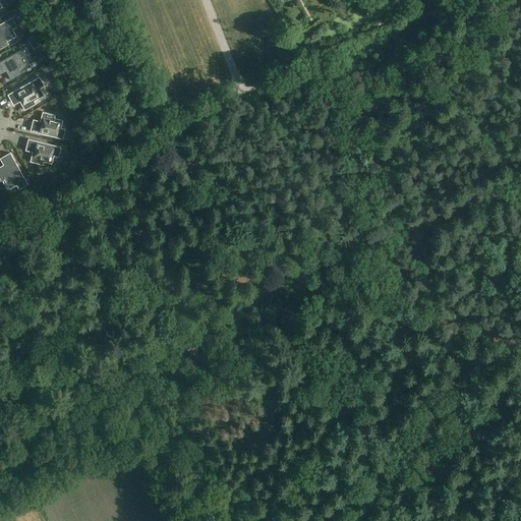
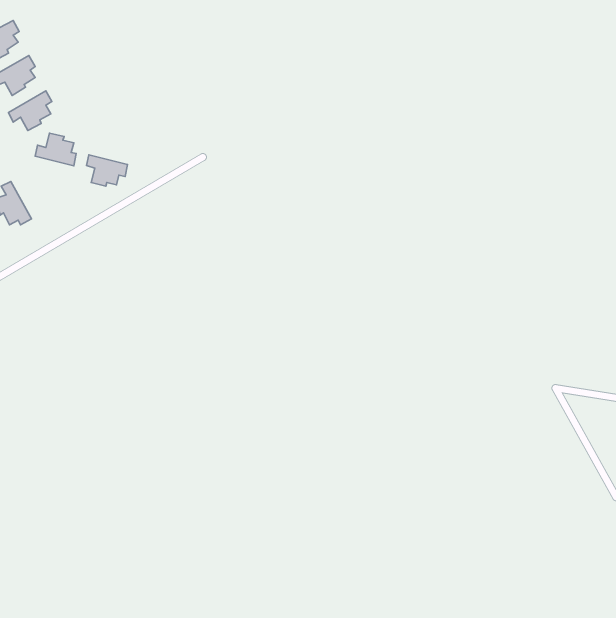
building: [25,138,60,165] -> [86,155,127,186]

